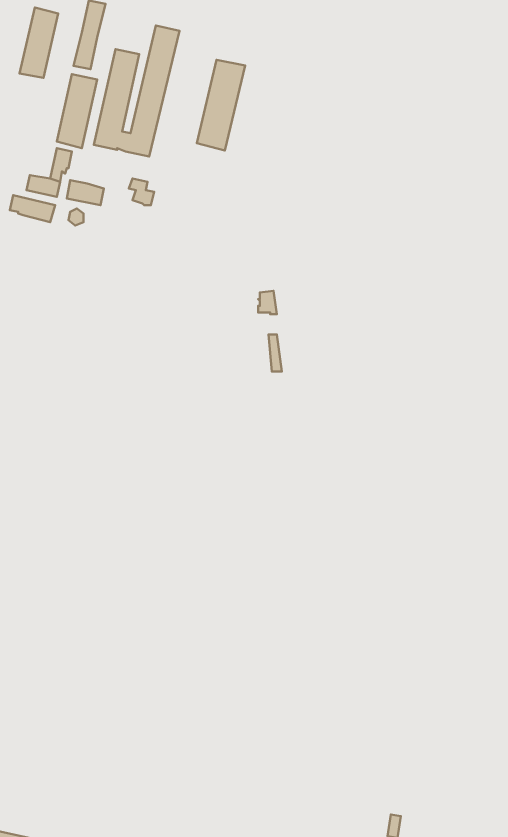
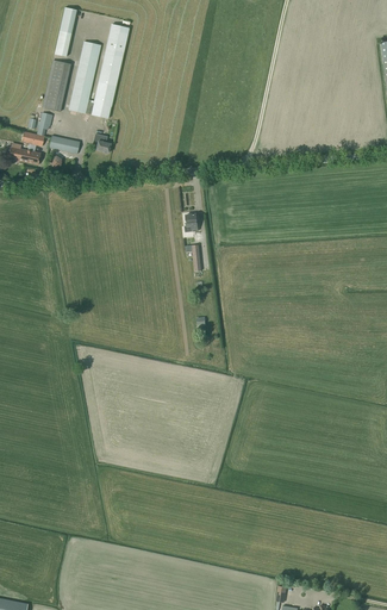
building: [20,8,58,78] -> none
building: [197,60,245,150] -> none

